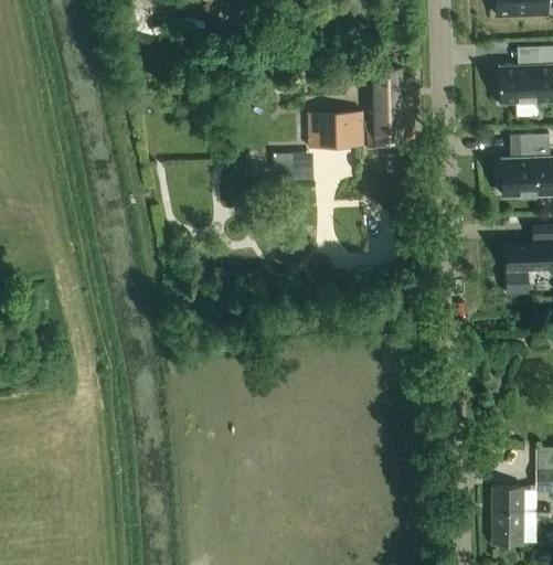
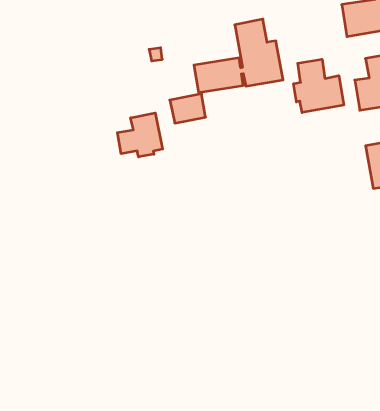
building: none -> [294,59,344,113]
building: none -> [117,113,163,157]

